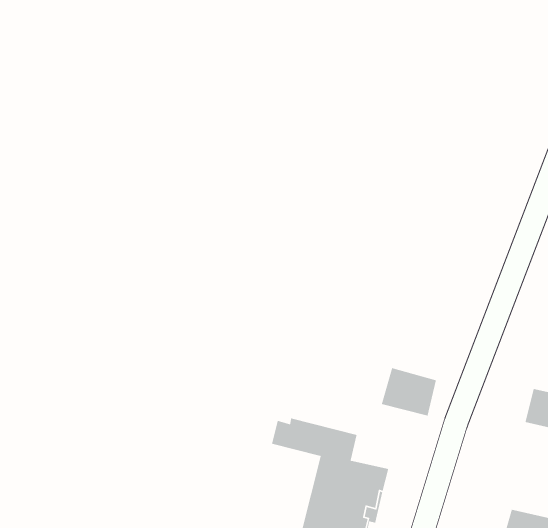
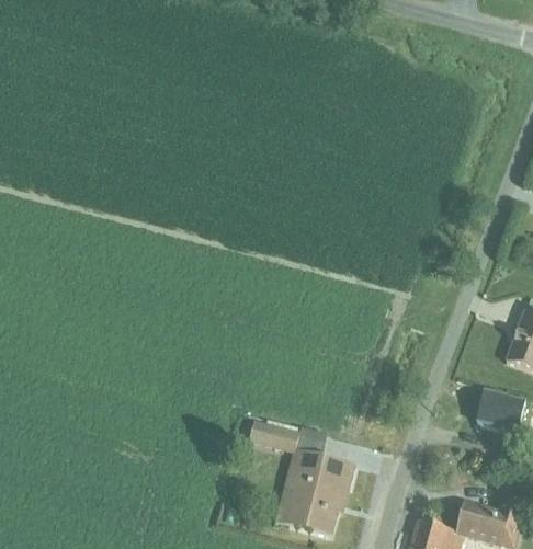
building: [381,367,437,416] -> none

